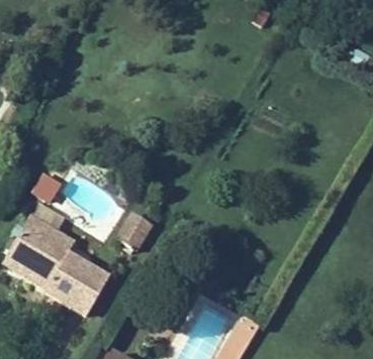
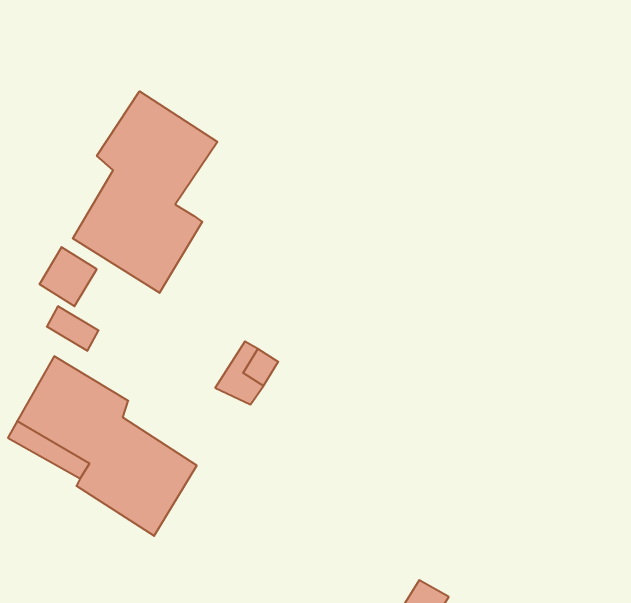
building: none -> [73,91,217,293]

